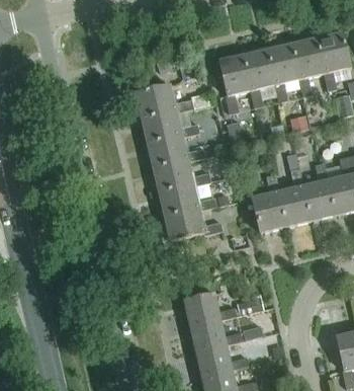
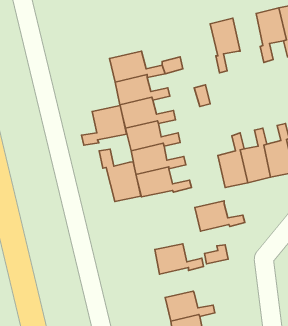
building: [267,44,299,101] -> none
building: [218,55,251,112] -> none
building: none -> [82,105,127,145]
building: none -> [99,149,141,201]
building: [188,317,242,349] -> [195,201,245,231]

